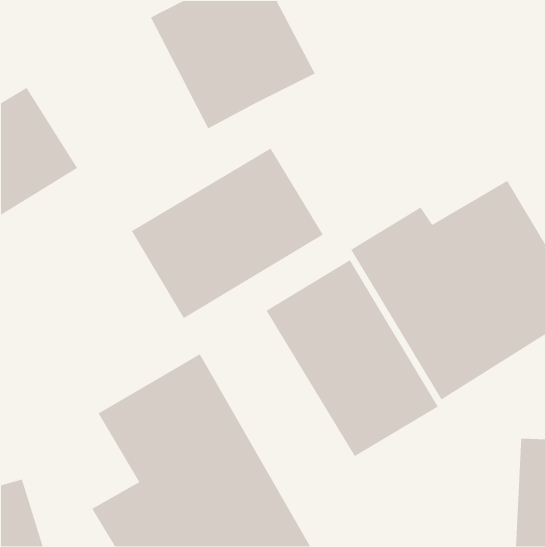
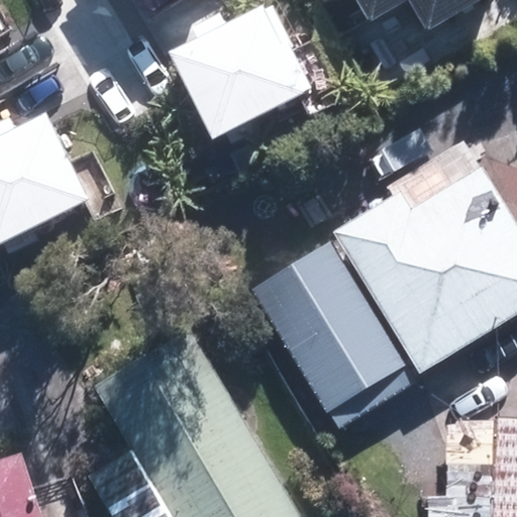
building: [131,147,324,319] -> none

